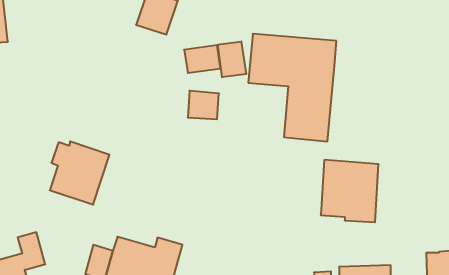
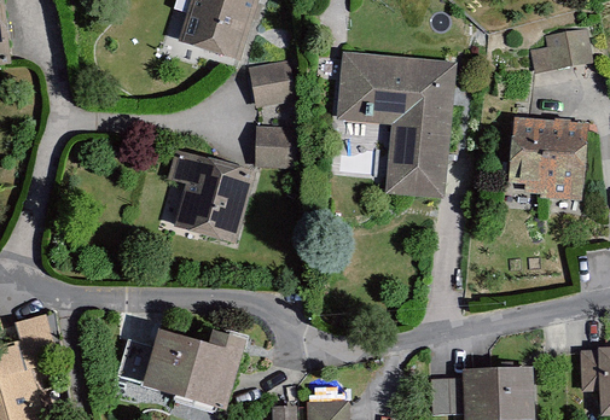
building: none -> [527,29,591,74]
building: [218,41,246,77] -> none
building: [50,141,109,205] -> [170,154,251,240]
building: [321,160,379,222] -> [506,116,585,200]

